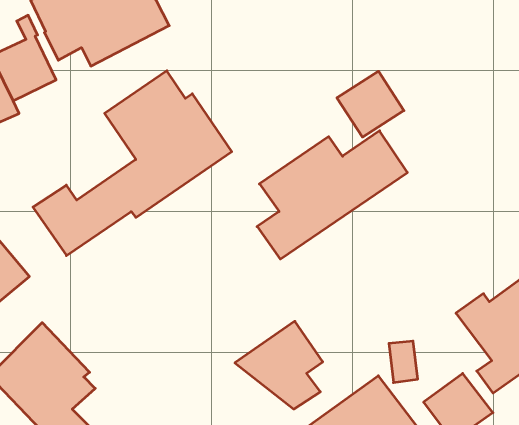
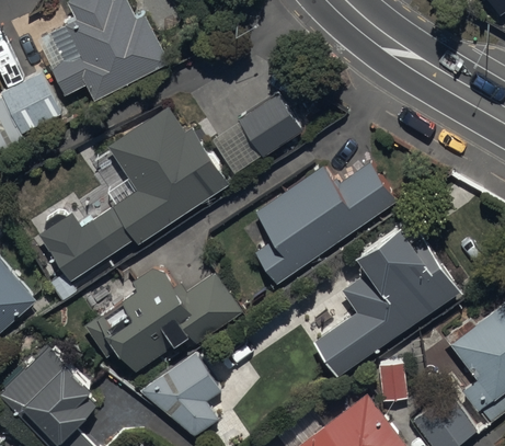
building: [337,71,404,137] -> [240,93,303,156]
building: none -> [313,229,458,375]
building: none -> [83,265,242,371]
building: [235,321,323,409] -> [137,352,220,435]

